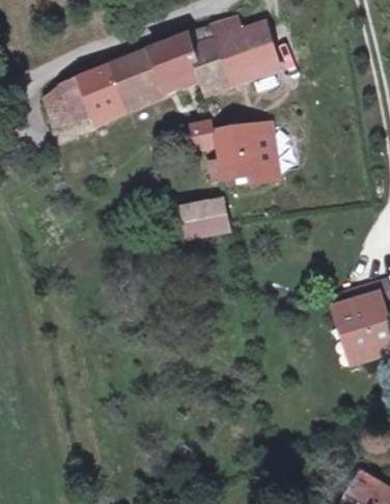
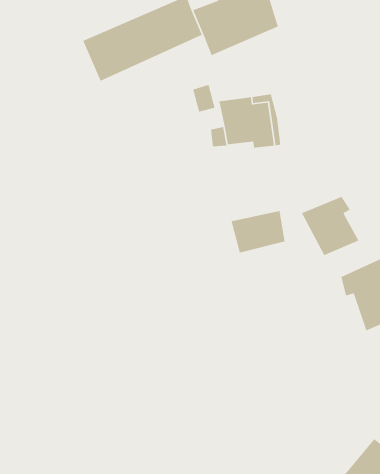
building: [56,76,100,129] -> none
building: [179,199,233,242] -> [231,210,286,254]
building: none -> [301,196,359,256]

